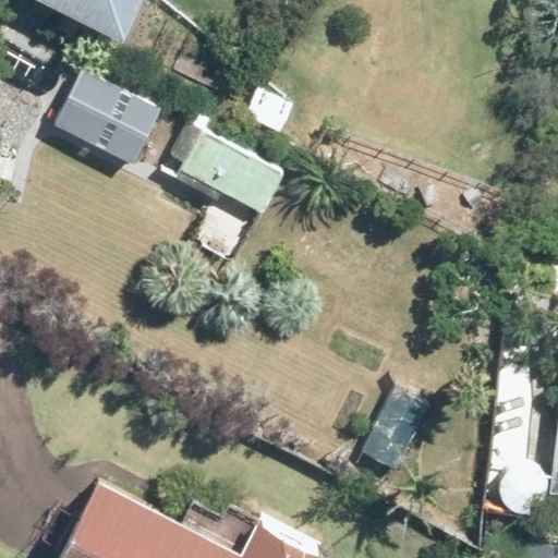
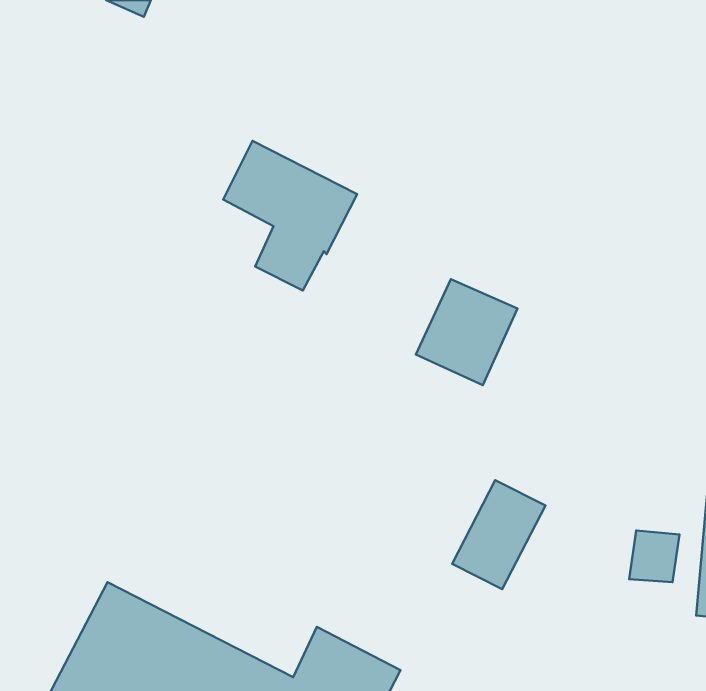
building: [36,59,163,167] -> none

